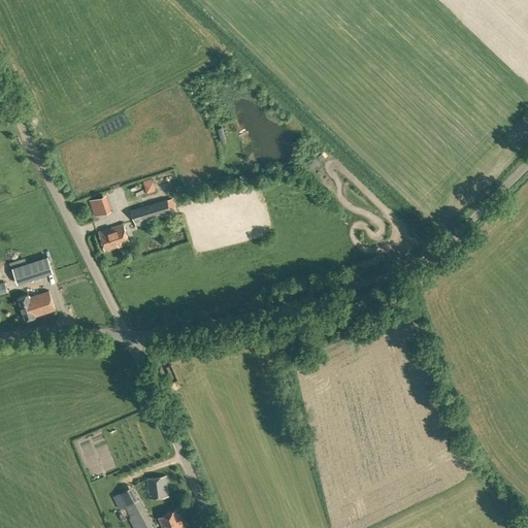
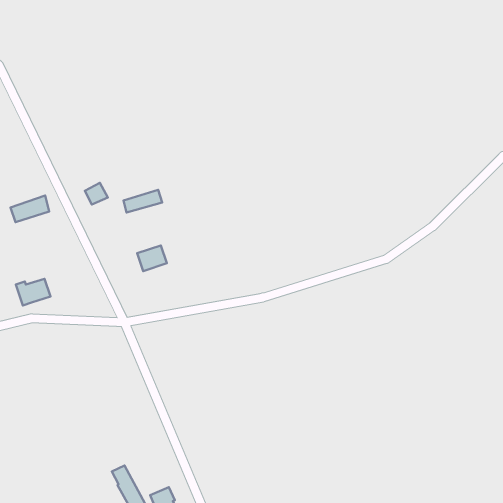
building: [97,226,128,253] -> [137,245,167,271]
building: [10,258,51,286] -> [10,196,49,222]
building: [145,477,166,500] -> none

